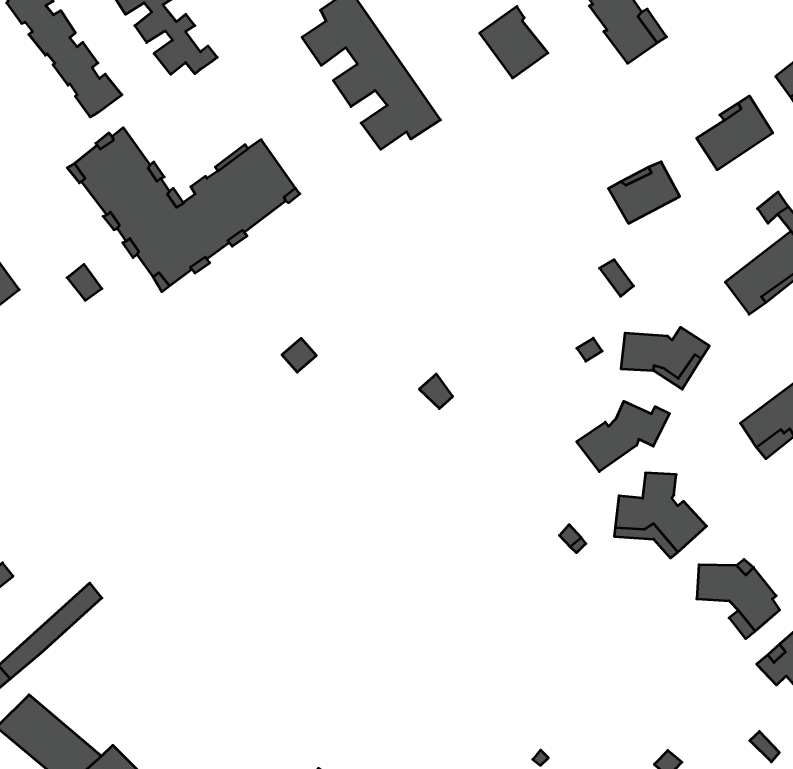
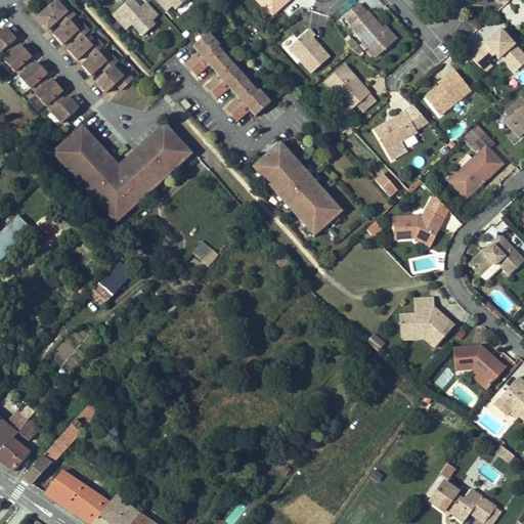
building: none -> [323,61,368,107]
building: none -> [252,139,343,234]
building: none -> [89,260,133,304]
building: [577,401,670,472] -> none

